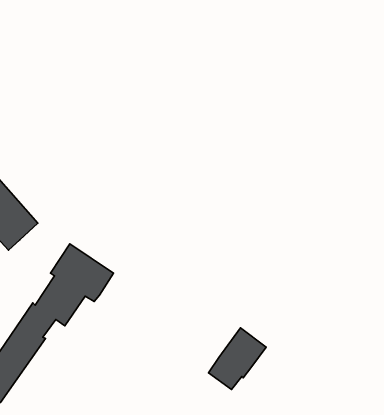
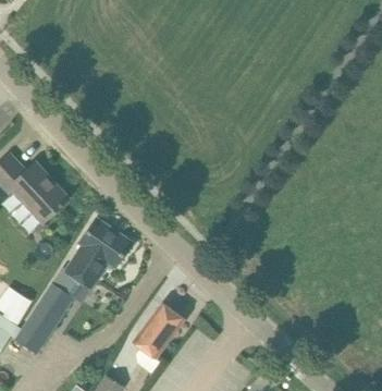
building: [209,328,266,389] -> [134,303,183,355]

